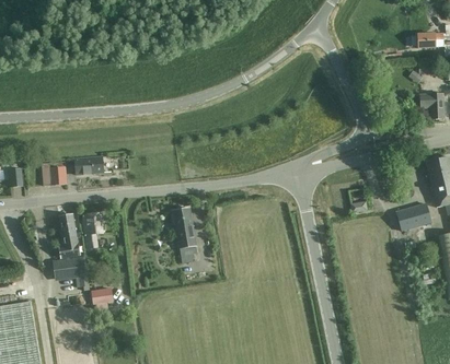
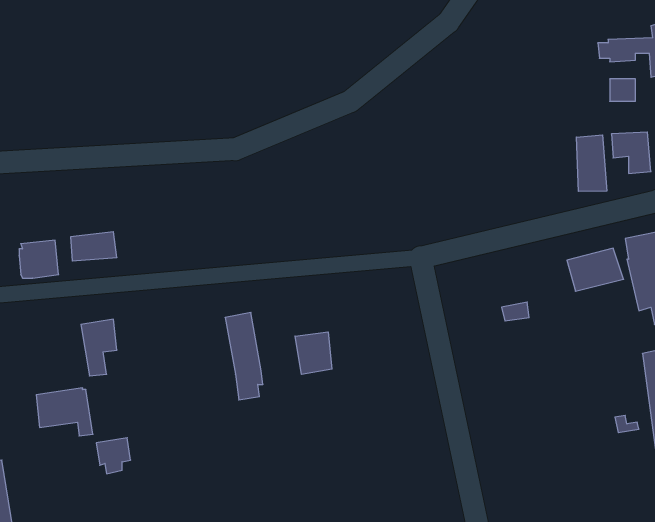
building: none -> [576,135,607,191]
building: [396,203,432,231] -> [567,248,624,291]
building: [58,214,80,259] -> none
building: none -> [295,332,332,374]

